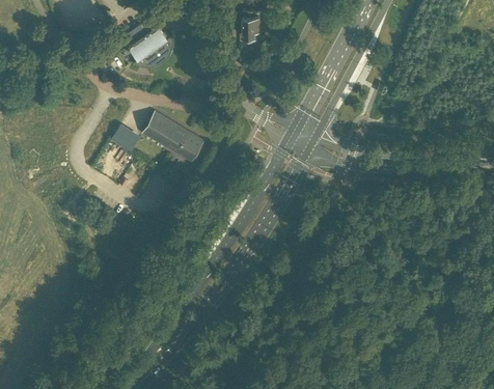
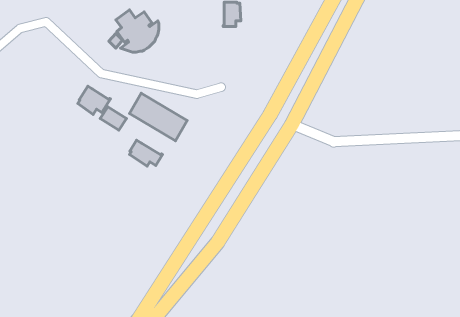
building: none -> [78,86,110,115]
building: none -> [129,140,162,166]

